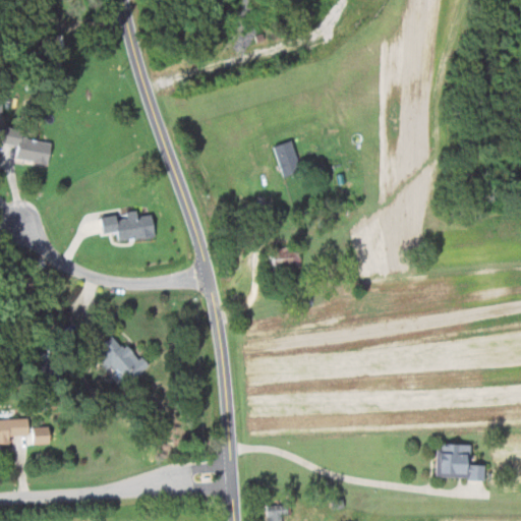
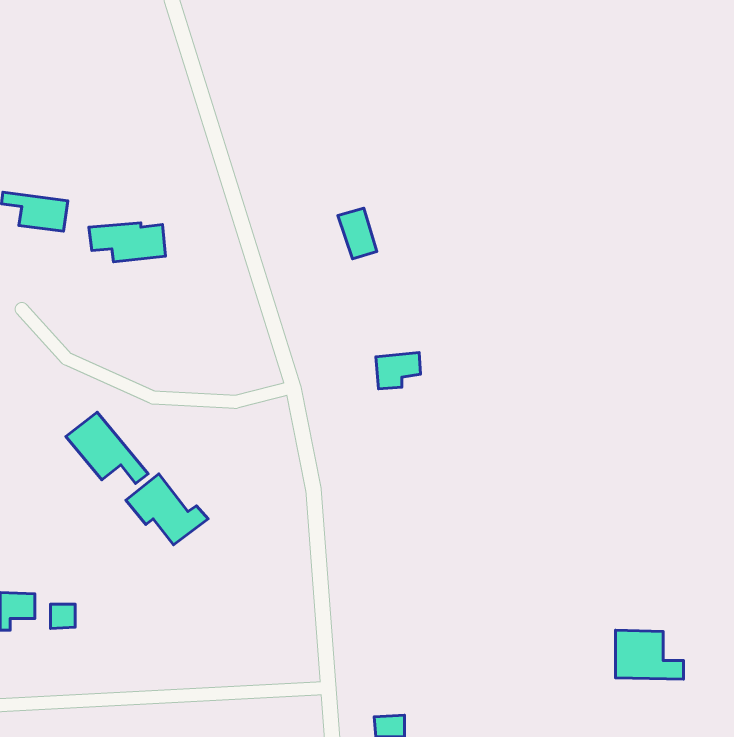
building: [274,141,301,177] -> [338,208,377,259]
building: [101,214,155,241] -> [89,223,165,262]
building: none -> [66,412,148,484]

